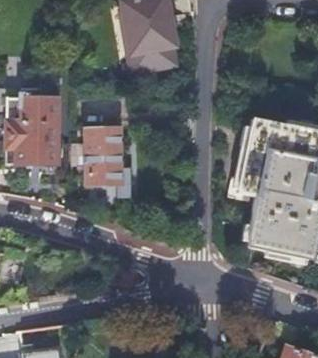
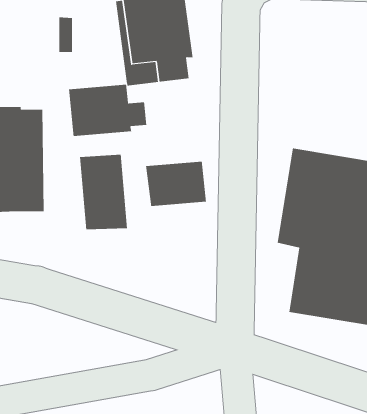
building: none -> [68,84,147,137]
building: none -> [146,161,207,207]

